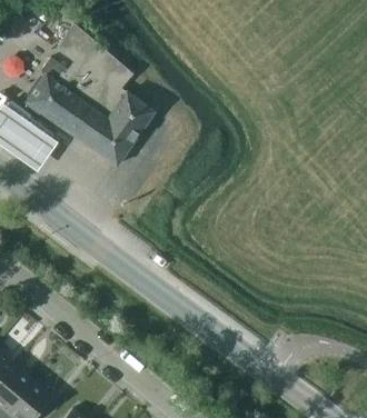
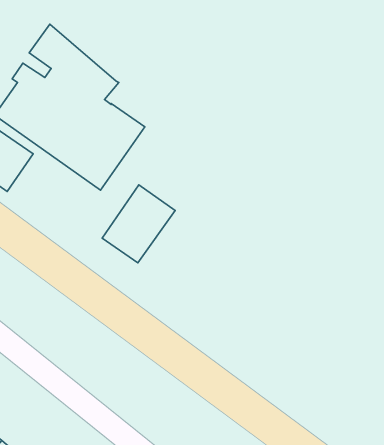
building: none -> [102,185,175,263]

